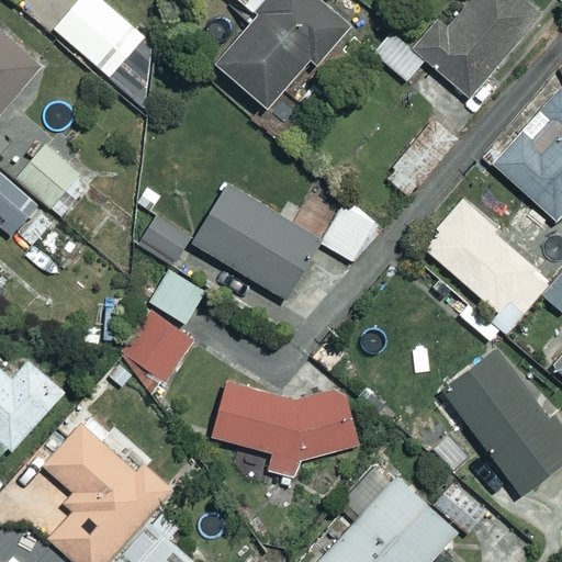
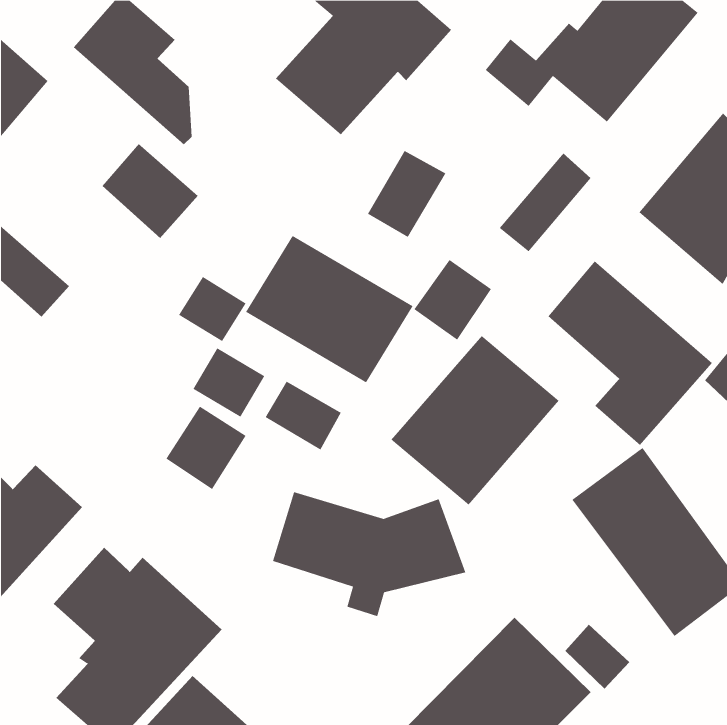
building: none -> [367,150,446,238]
building: [16,144,91,217] -> [102,143,198,239]
building: none -> [391,335,560,505]
building: none -> [265,381,342,451]

